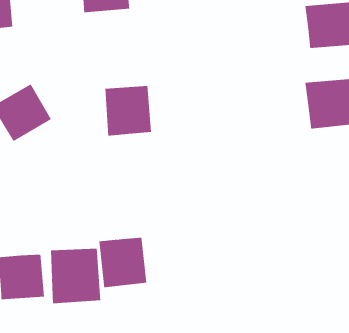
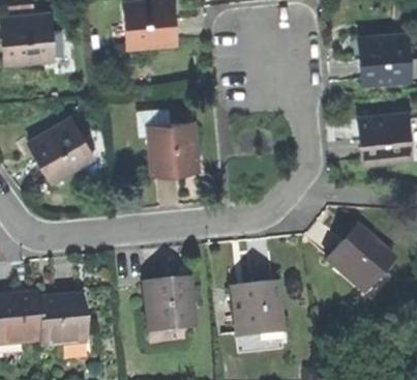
building: none -> [328,226,394,292]
building: none -> [235,284,282,338]
building: [51,248,101,304] -> none

